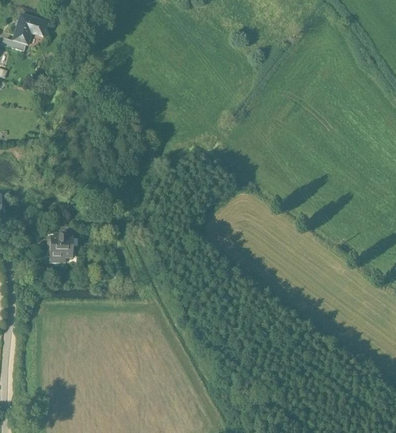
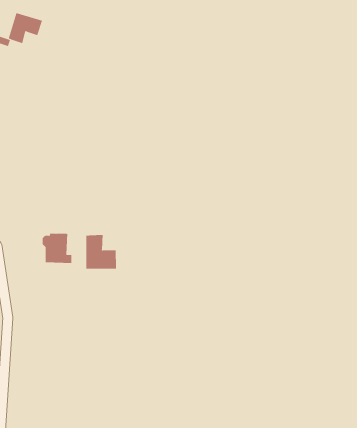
building: none -> [86,234,117,270]

